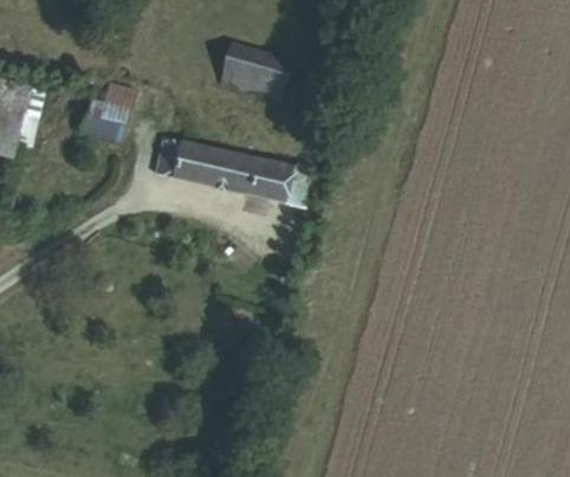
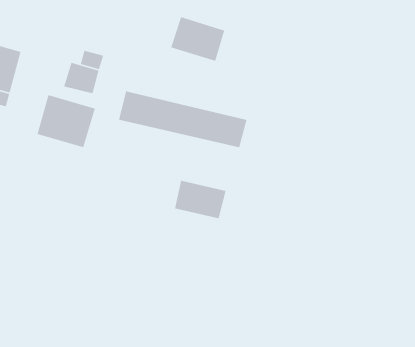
building: none -> [36,94,96,148]
building: none -> [174,180,226,219]

